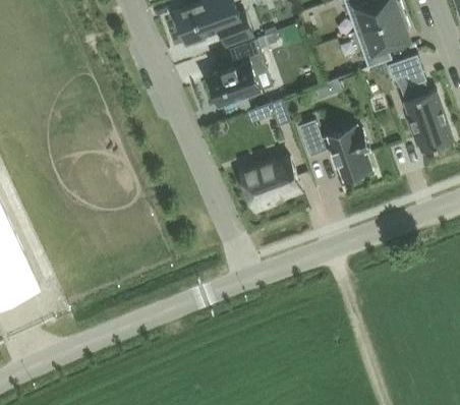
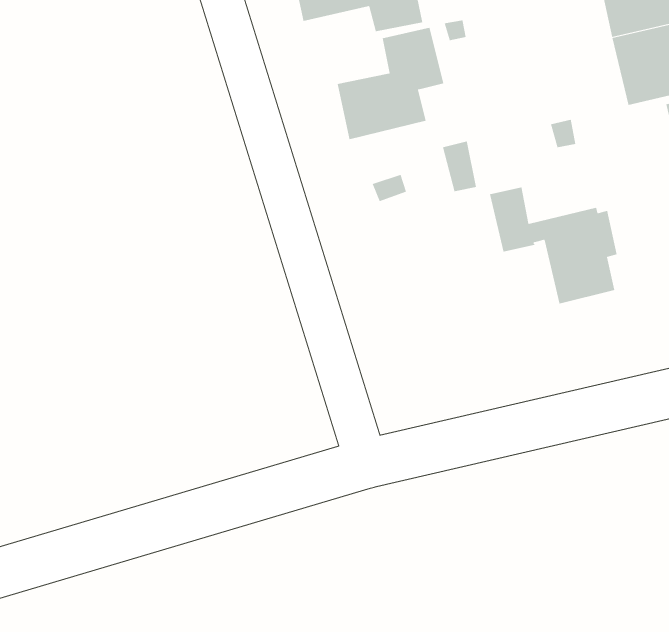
building: [237,154,303,214] -> none

